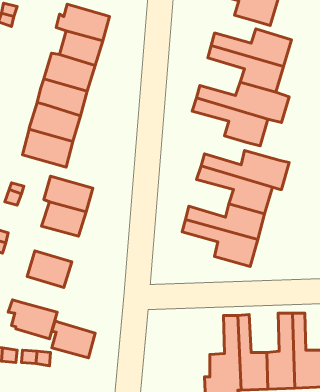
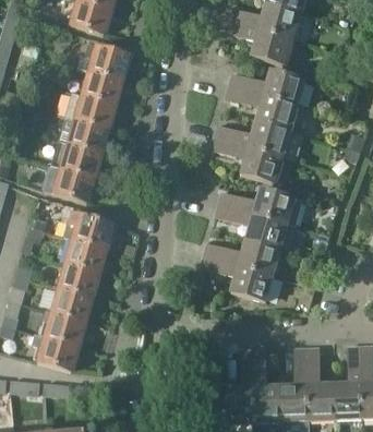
building: none -> [57,261,99,296]
building: [52,321,95,358] -> [43,309,85,345]

